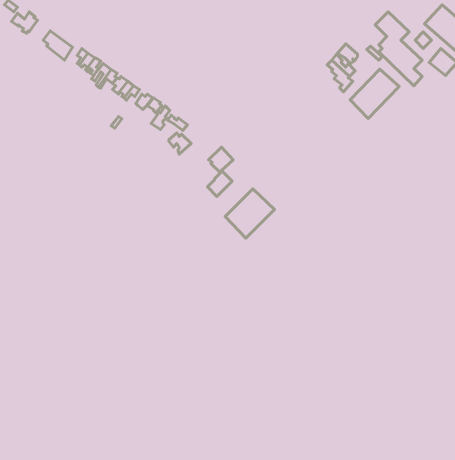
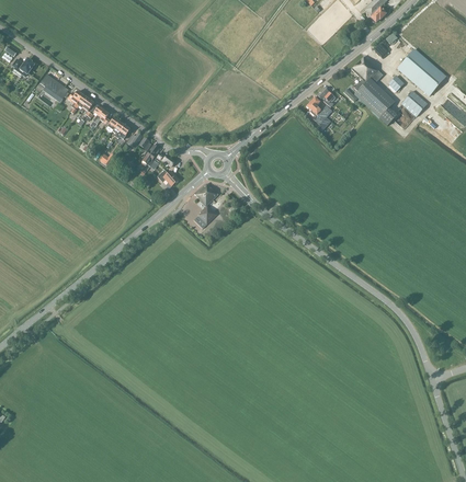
building: [350,69,399,118] -> none
building: [225,189,275,238] -> none

